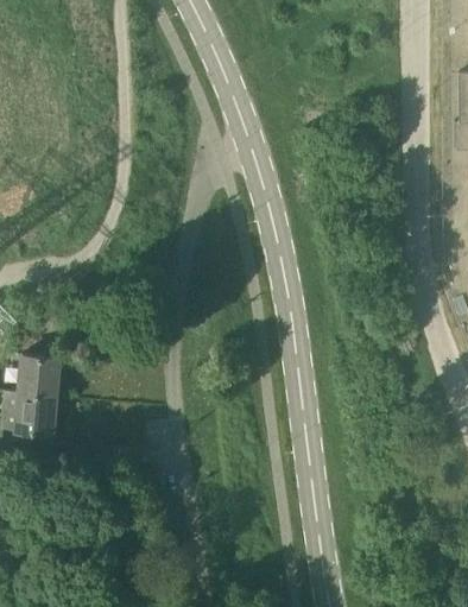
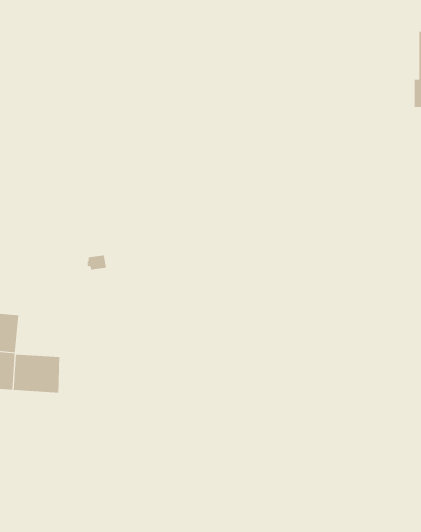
building: none -> [13,354,60,393]

